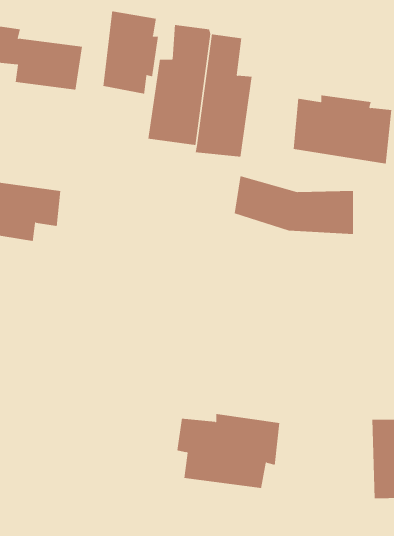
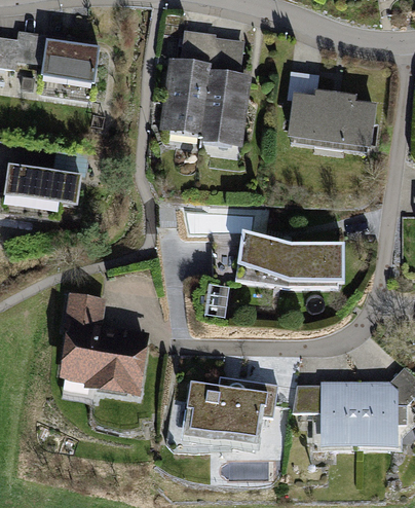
building: [103,11,158,94] -> none
building: [234,176,354,234] -> [236,231,343,284]
building: none -> [61,290,150,394]
building: none -> [293,378,361,451]

